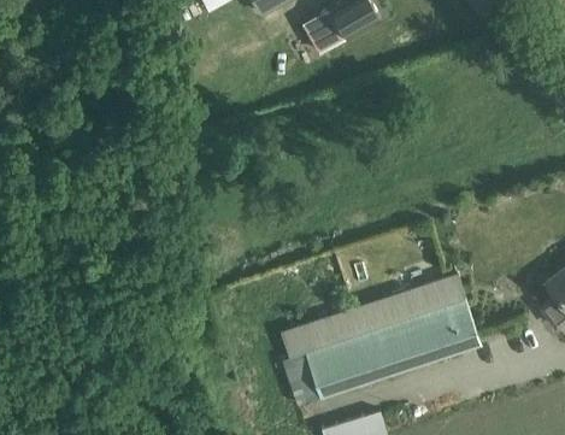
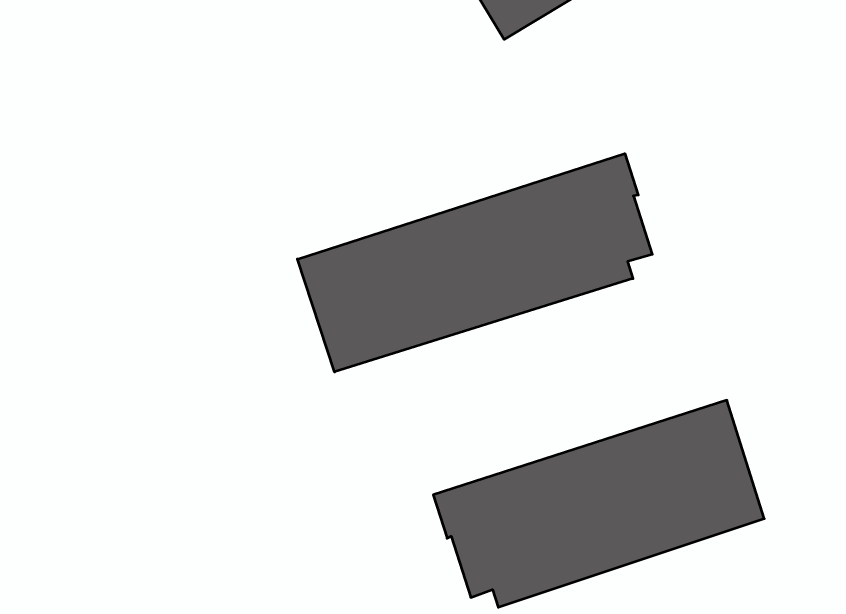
building: none -> [297,154,652,372]

